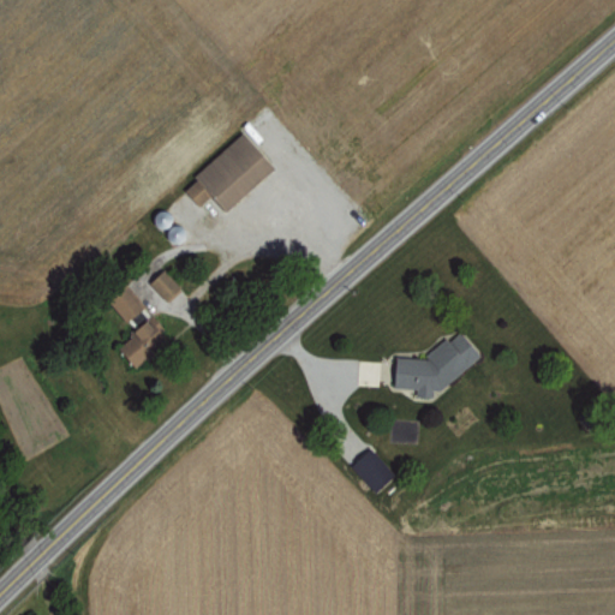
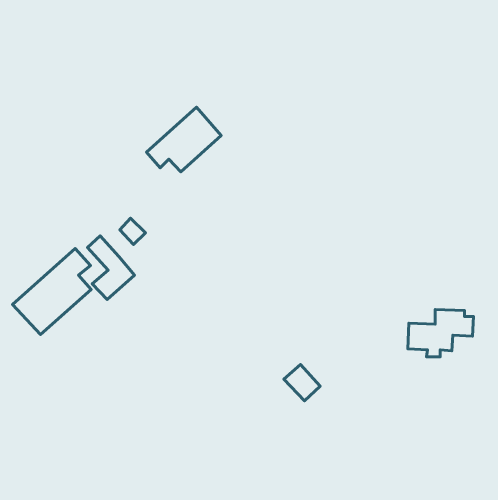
building: none -> [12,249,91,335]
building: [395,341,476,399] -> [408,310,474,357]

